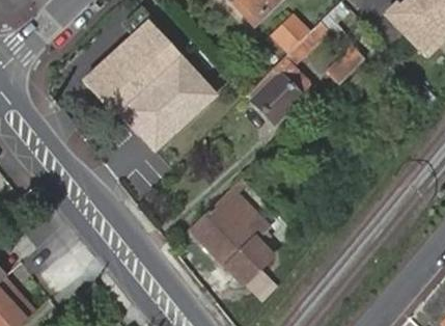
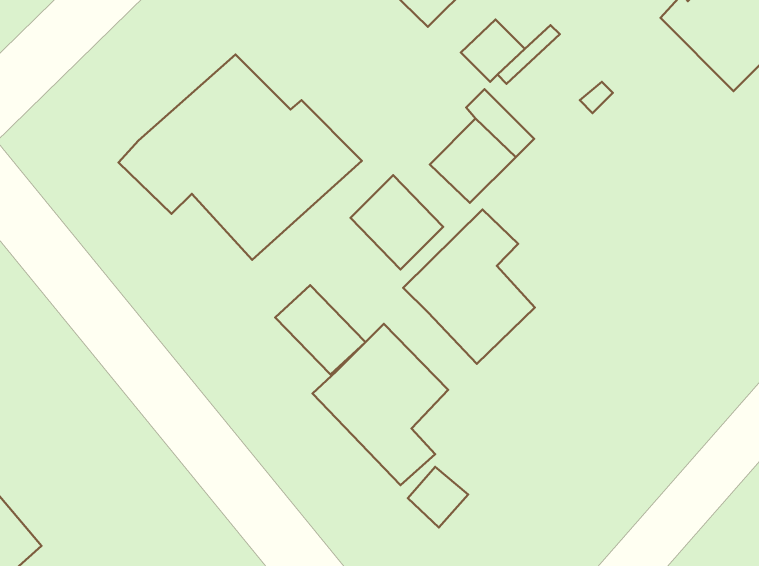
building: none -> [351,175,443,270]
building: none -> [403,210,535,364]
building: none -> [275,285,366,374]

